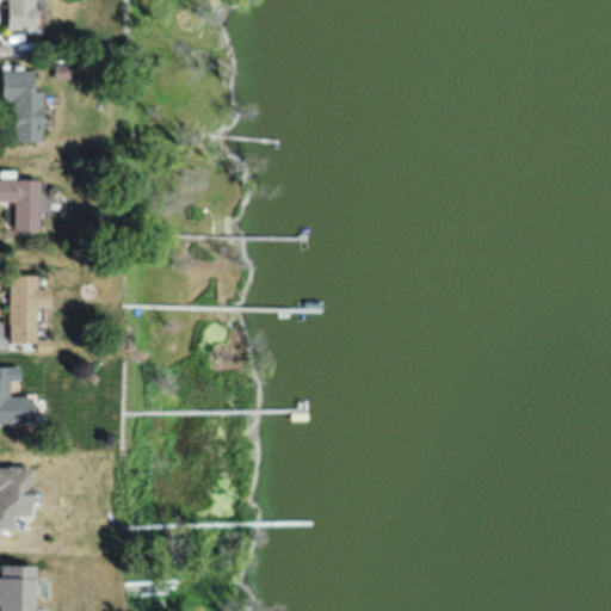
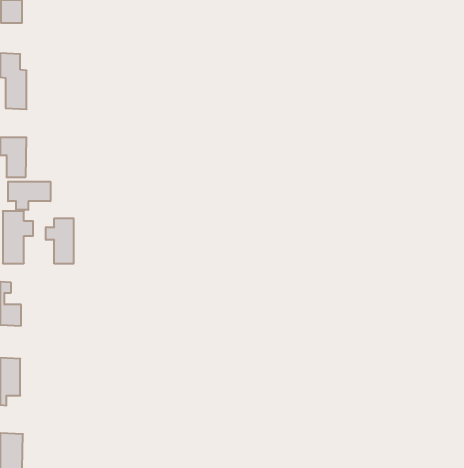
building: none -> [8,182,50,210]
building: none -> [46,218,74,264]

